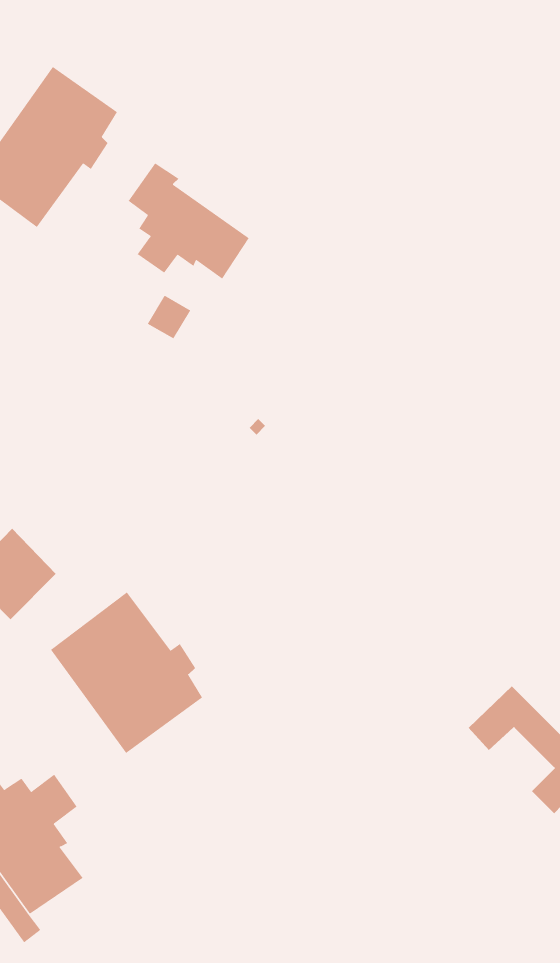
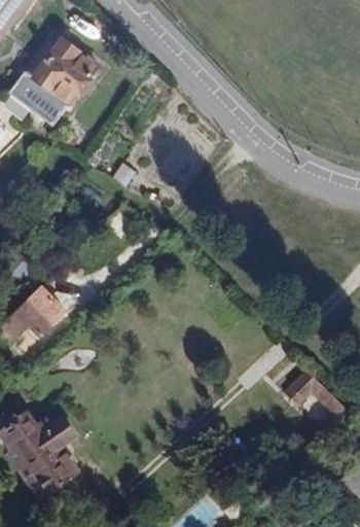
building: [128,163,250,280] -> none
building: [50,592,203,754] -> none

